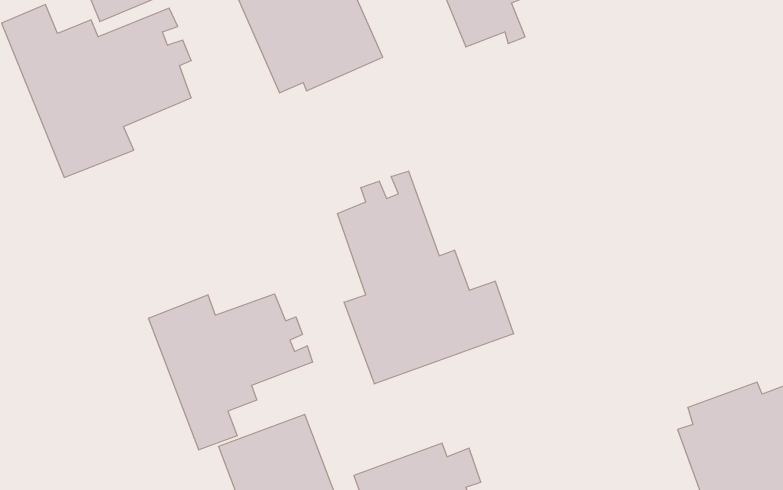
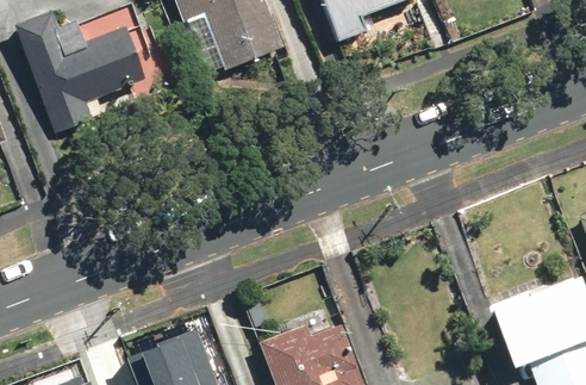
building: [338,171,514,384] -> none
building: [149,294,313,450] -> none

